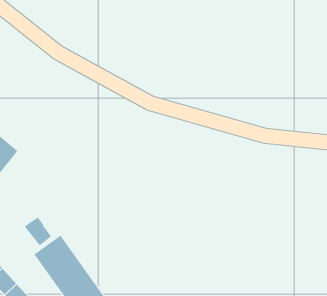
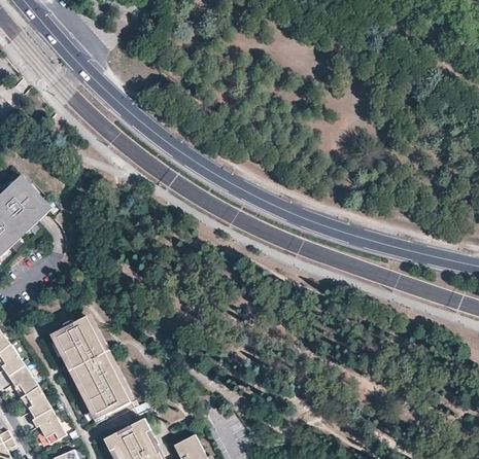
building: [24,216,52,246] -> none

